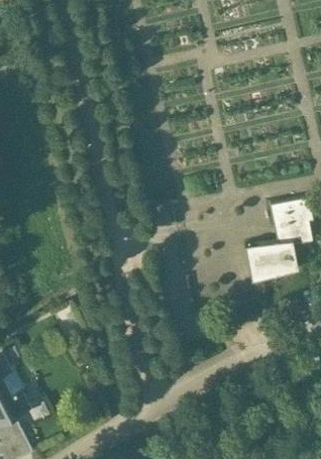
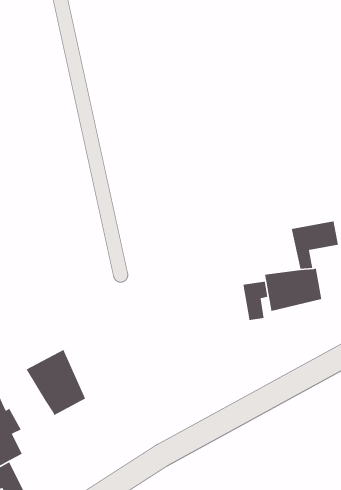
building: none -> [242,281,268,321]
building: none -> [26,349,86,416]

